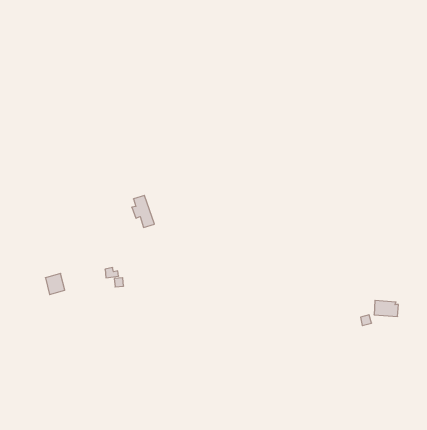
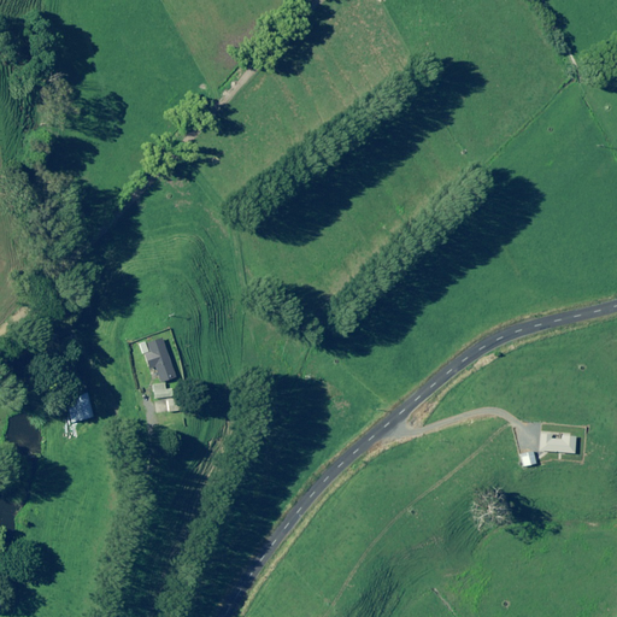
building: [132,195,154,227] -> [143,336,176,382]

